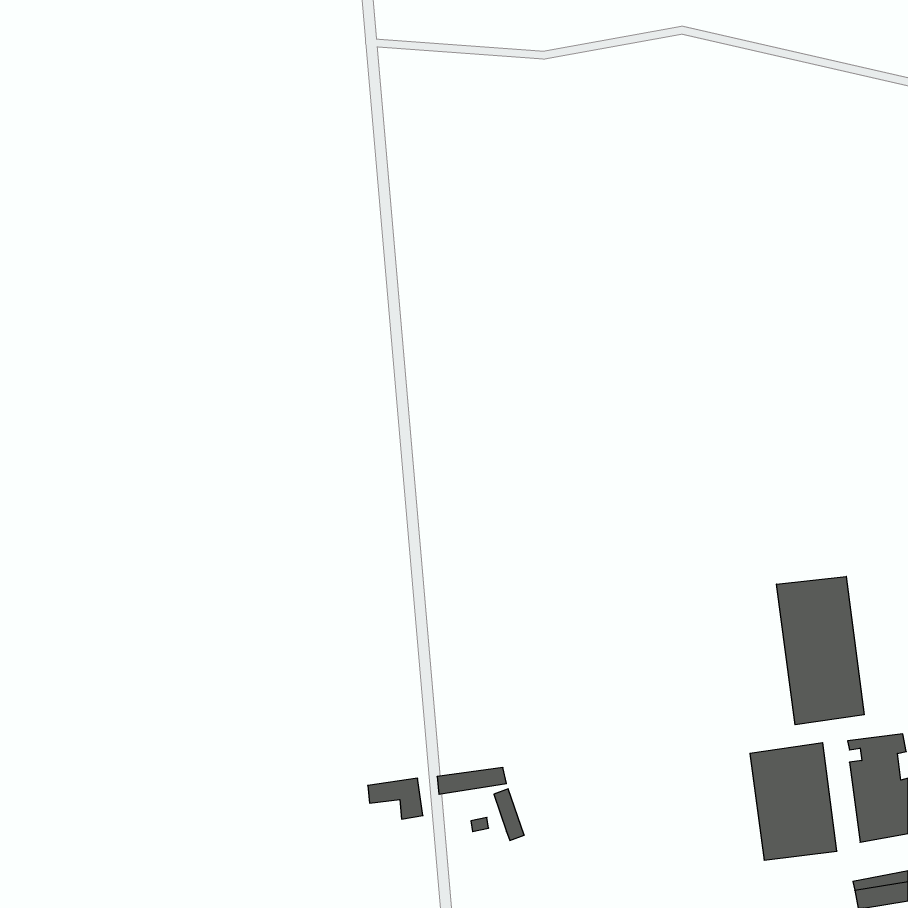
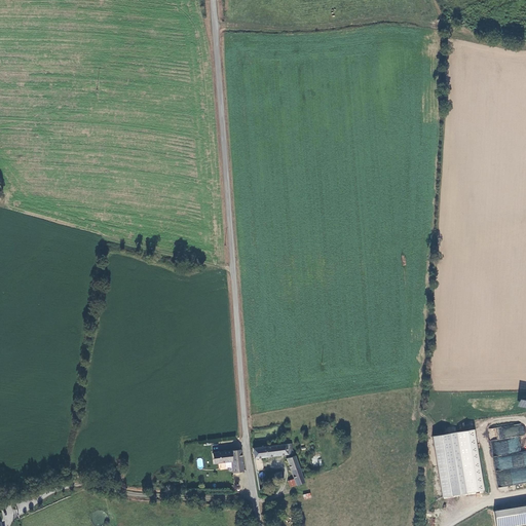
building: [777,576,864,725] -> none

